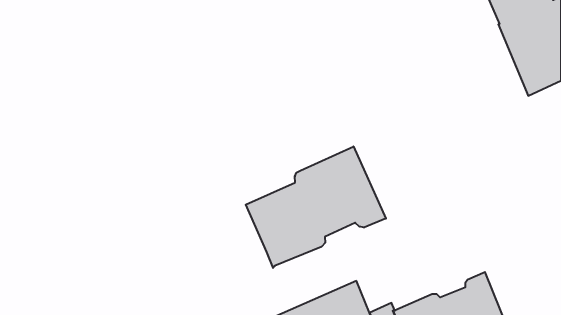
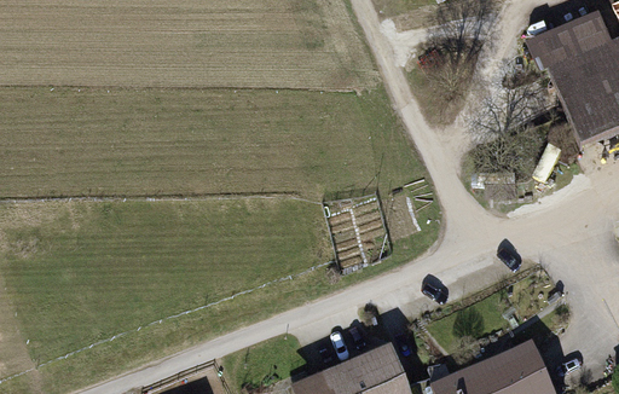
building: [246,146,386,268] -> none

